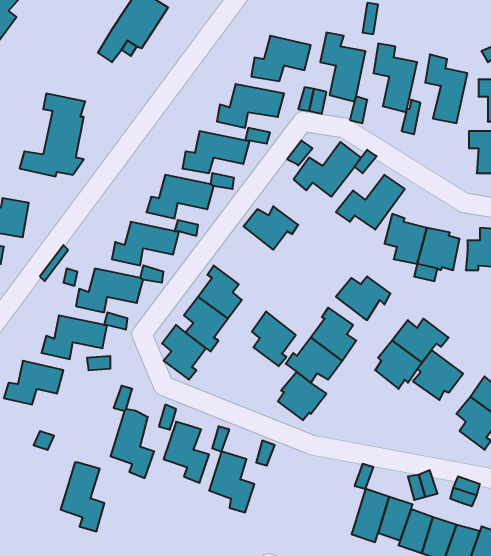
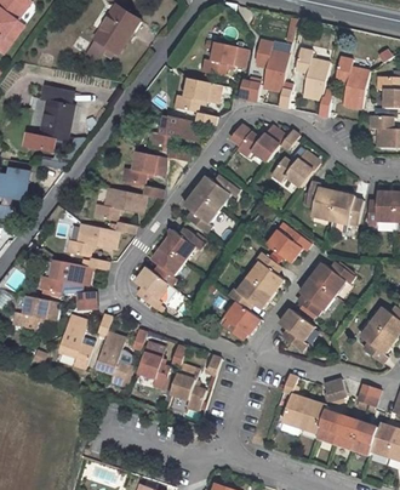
building: [252,311,296,366] -> [185,189,219,232]
building: [413,350,463,400] -> [276,308,315,347]
building: [61,463,104,531] -> [56,314,90,368]

